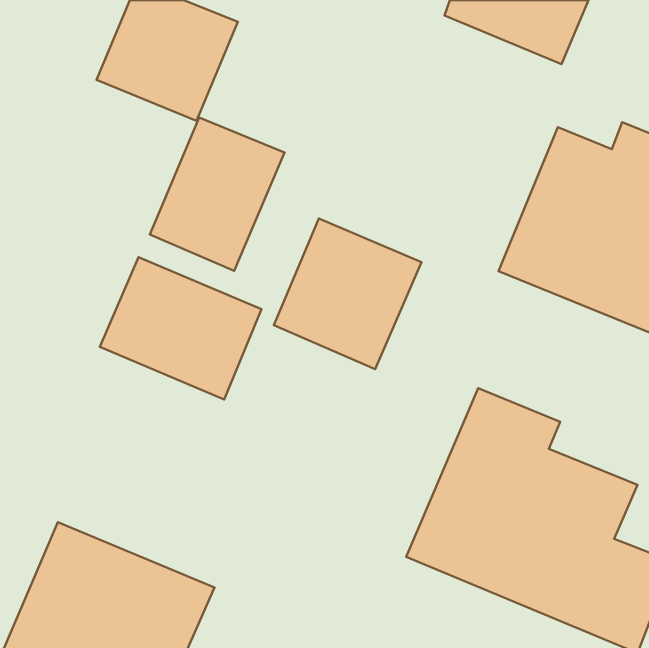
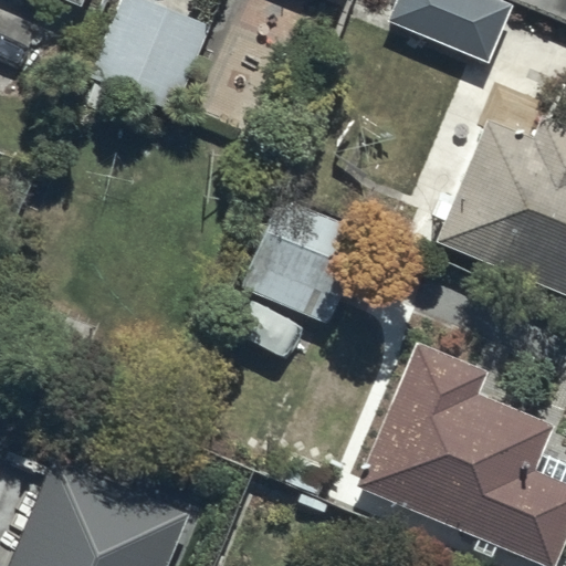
building: [150,117,284,271] -> none
building: [100,257,262,400] -> none

